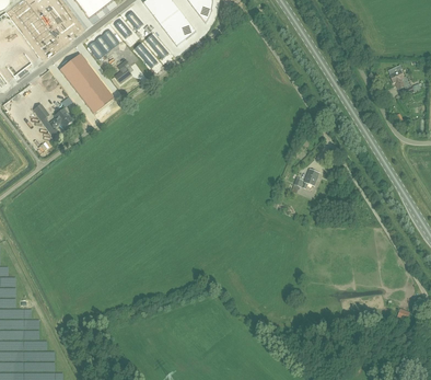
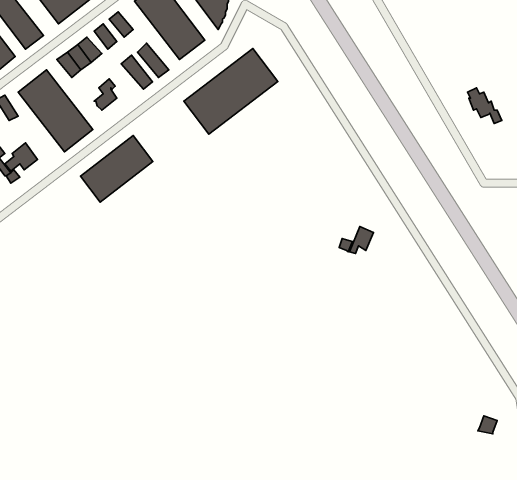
building: none -> [184,48,278,134]
building: none -> [81,135,153,202]

